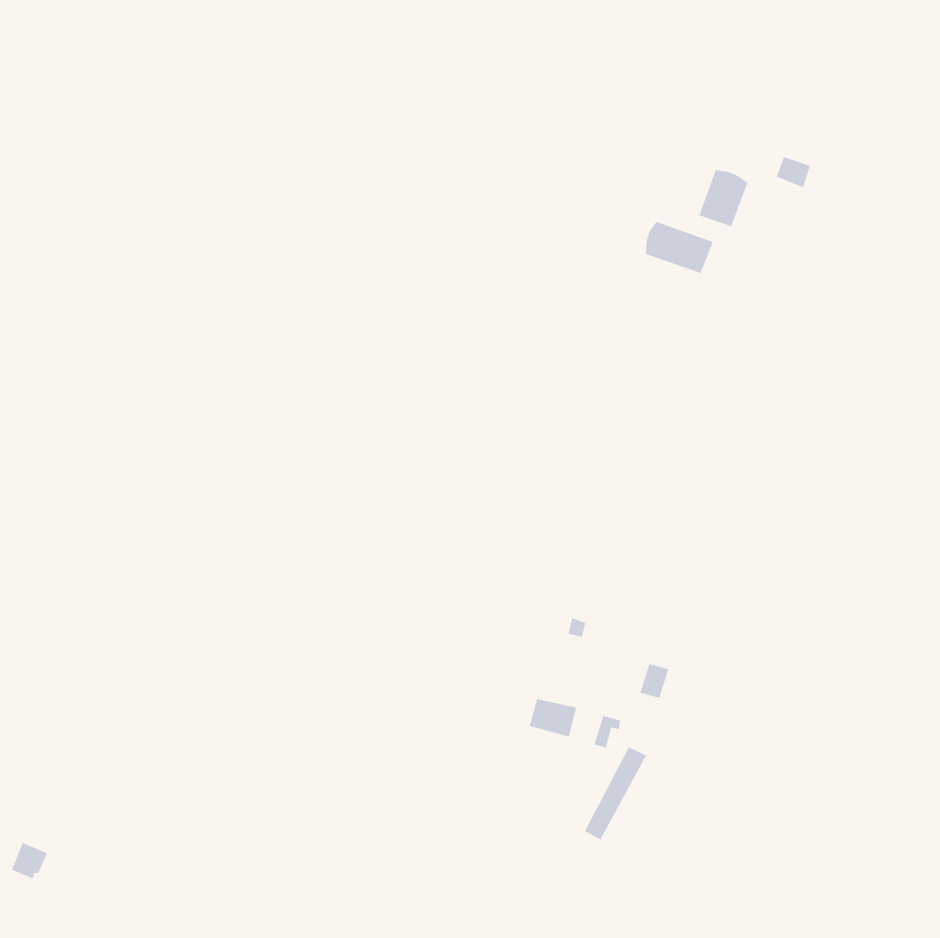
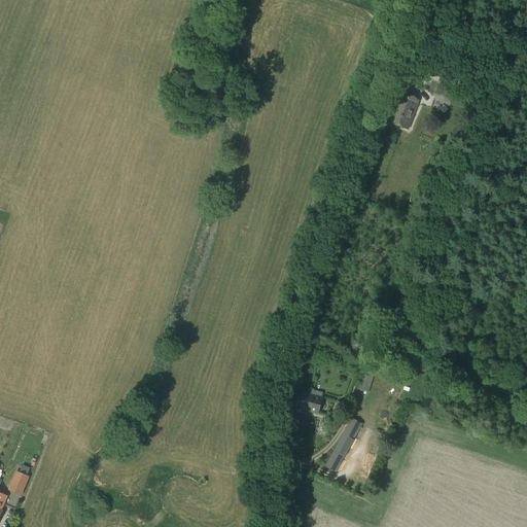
building: [645,221,713,274] -> none

